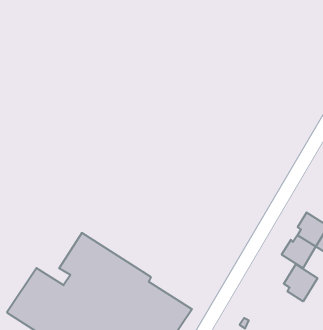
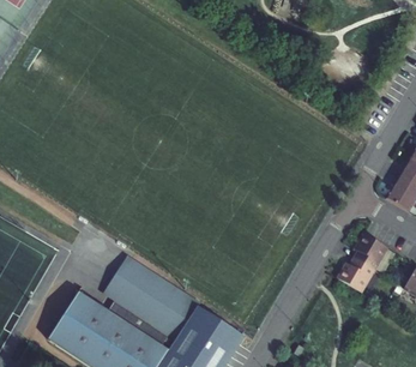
building: [284,264,317,301] -> none

